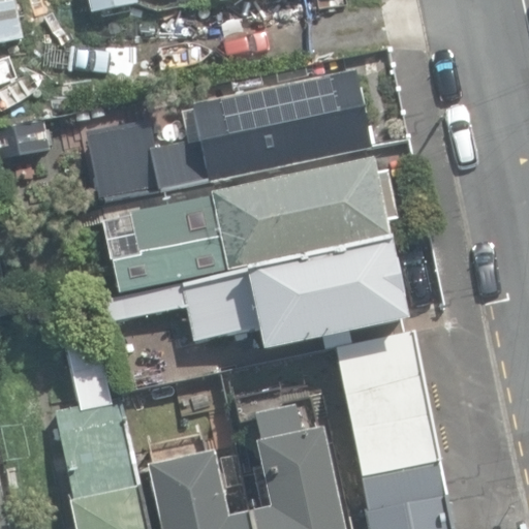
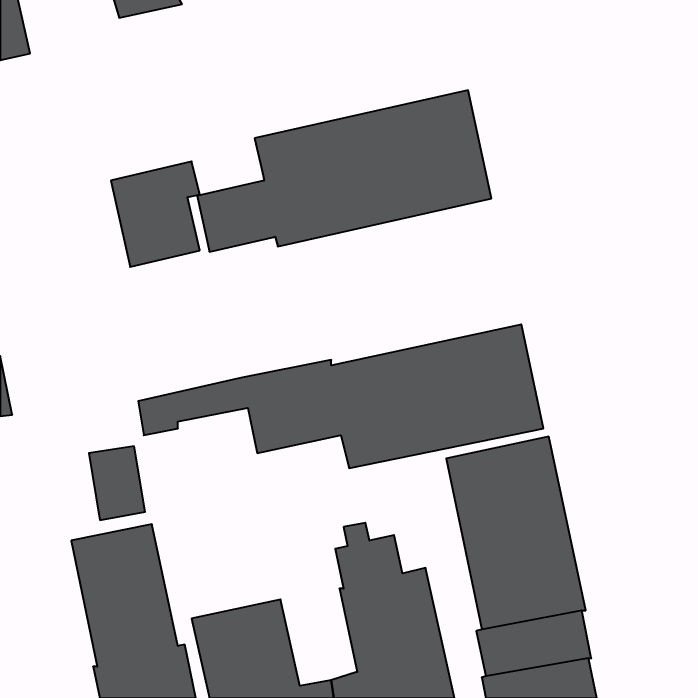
building: [112,161,390,295] -> none

